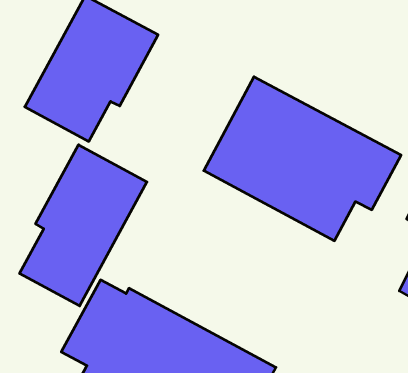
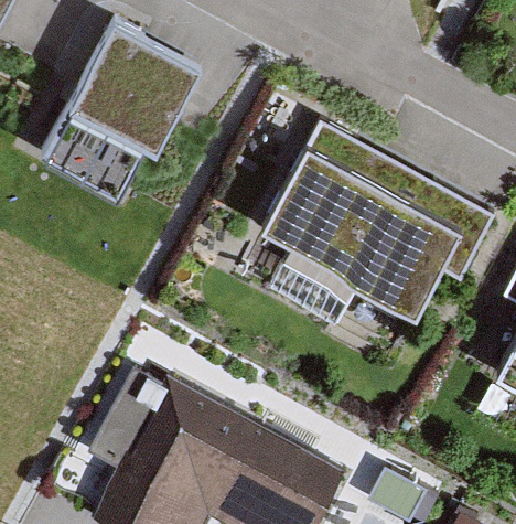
building: [20,145,147,306] -> none

